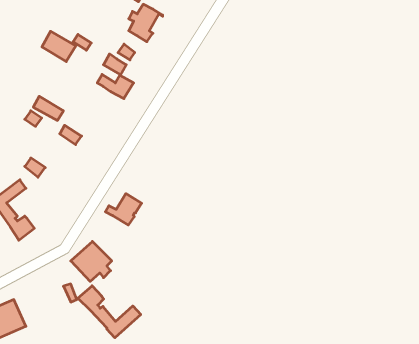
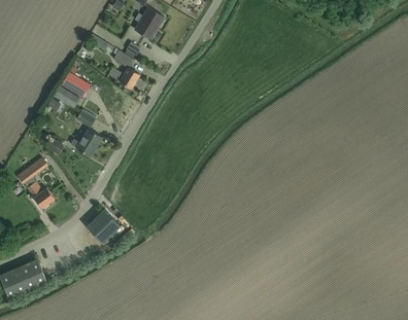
building: [42,31,76,62] -> [62,72,91,98]
building: [105,194,142,225] -> [70,130,101,156]
building: [78,286,141,338] -> none

